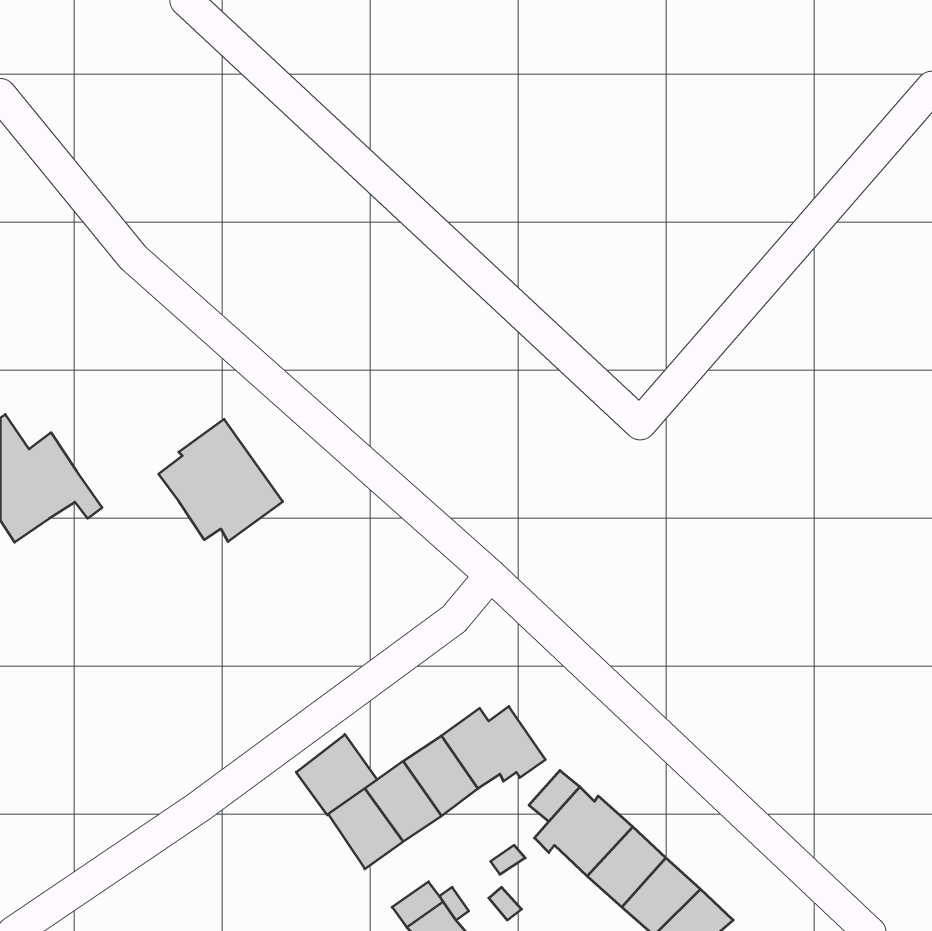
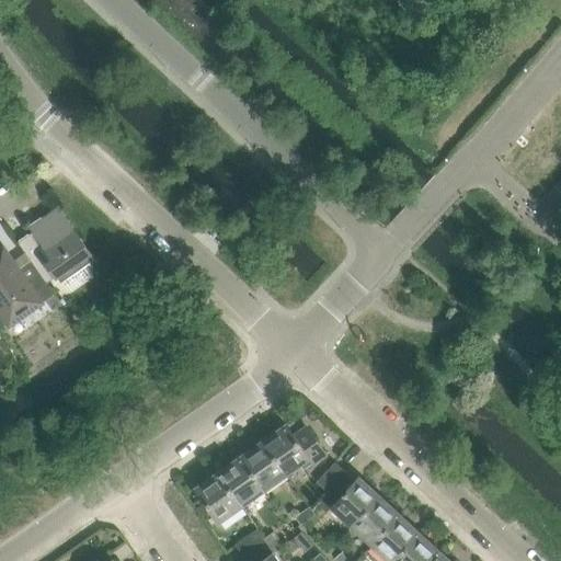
building: [159,419,283,542] -> [19,211,93,285]
building: [296,734,377,815] -> none

